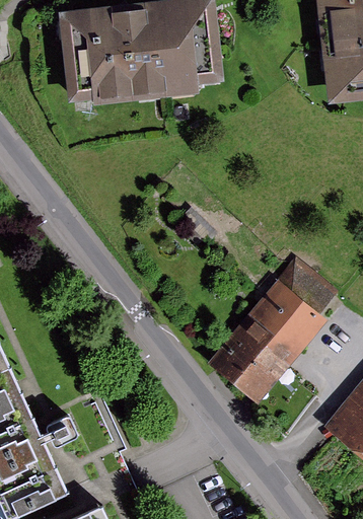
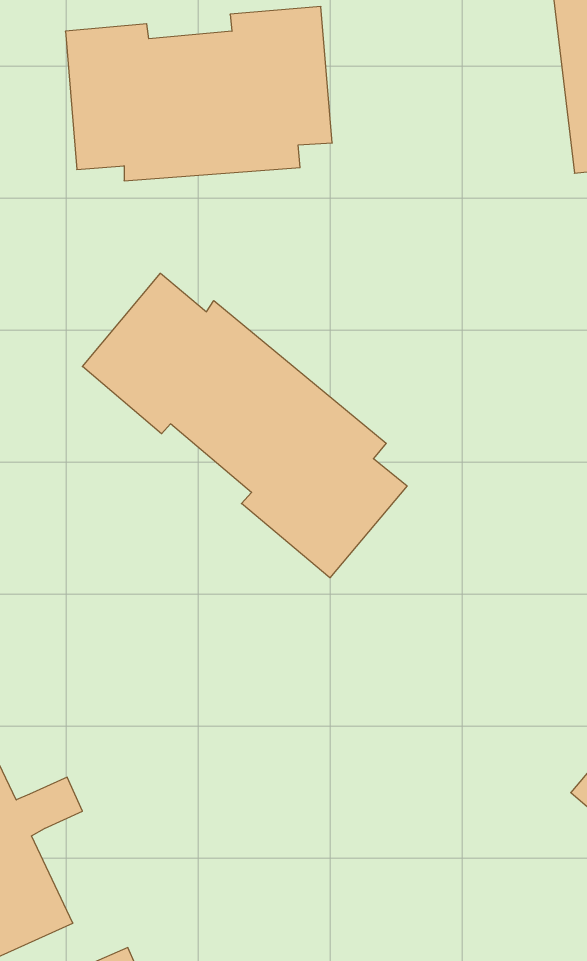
building: none -> [82,273,407,578]
building: [209,264,330,402] -> none

